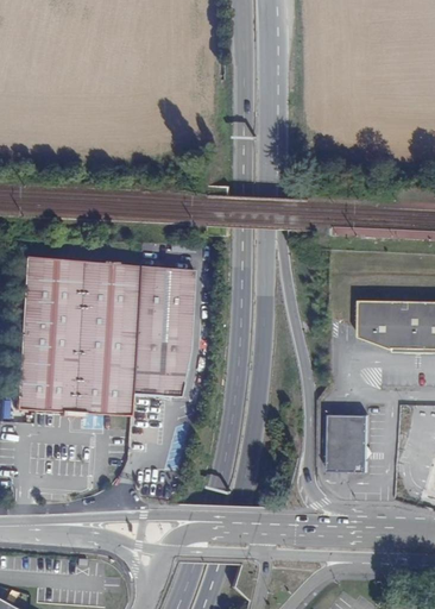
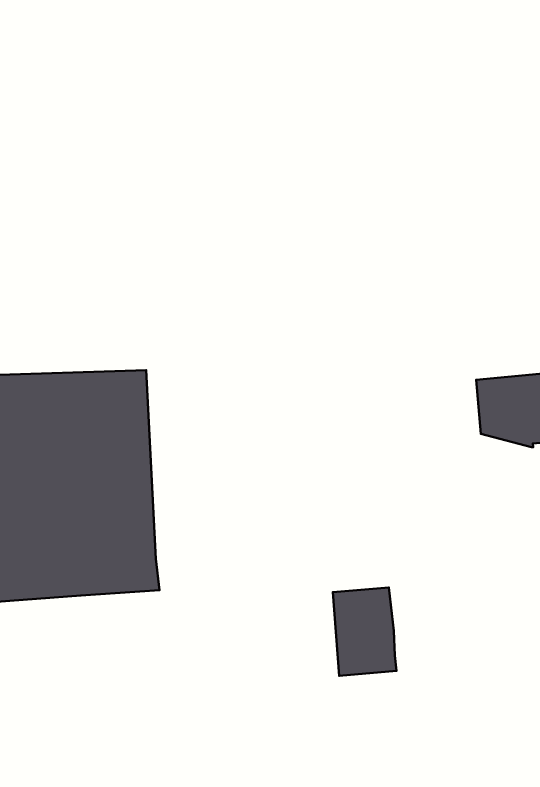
building: [131,266,193,397] -> none
building: [328,413,368,471] -> [333,588,397,676]

